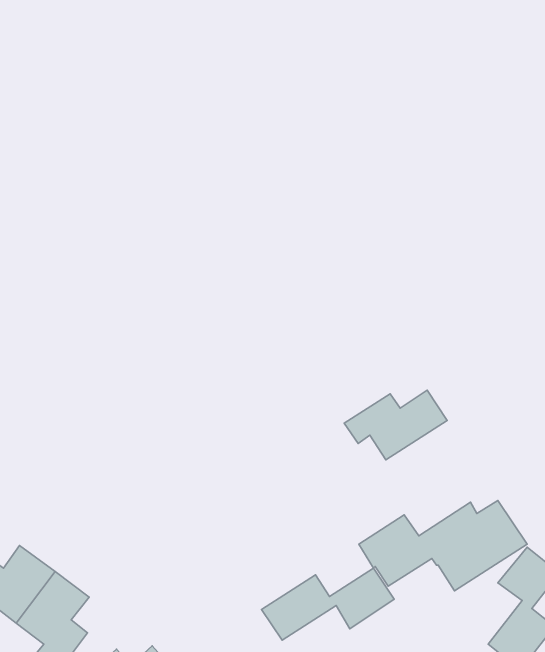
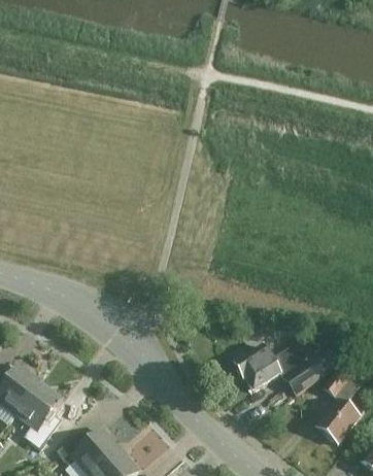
building: [344,390,447,460] -> none
building: [261,568,394,640] -> none

